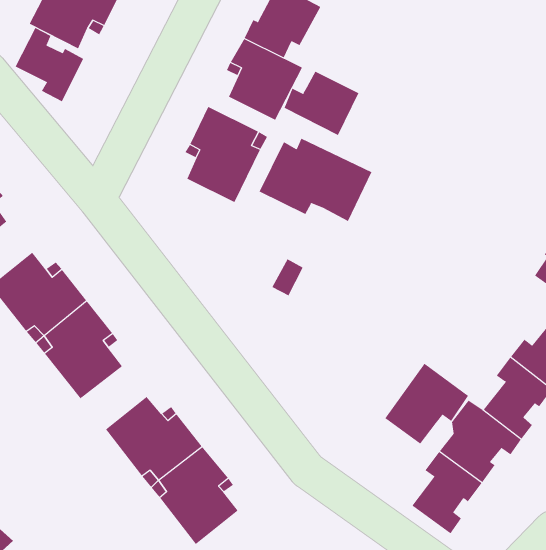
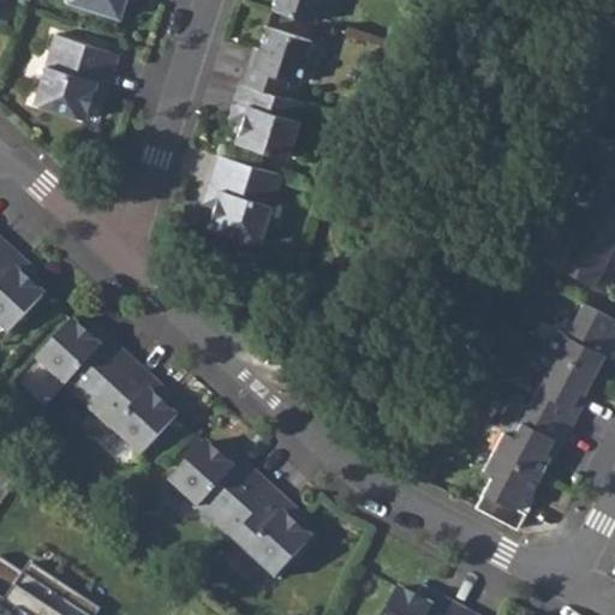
building: [15,27,84,102] -> none
building: [284,71,359,136] -> none
building: [259,138,372,222] -> none
building: [384,363,469,445] -> none

